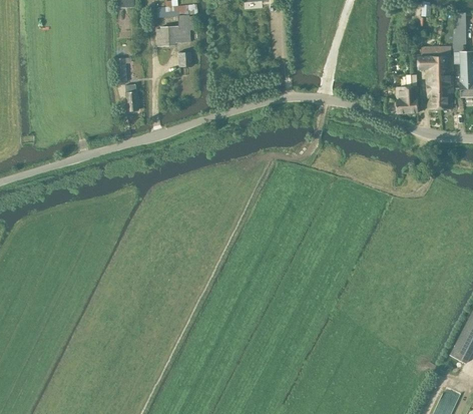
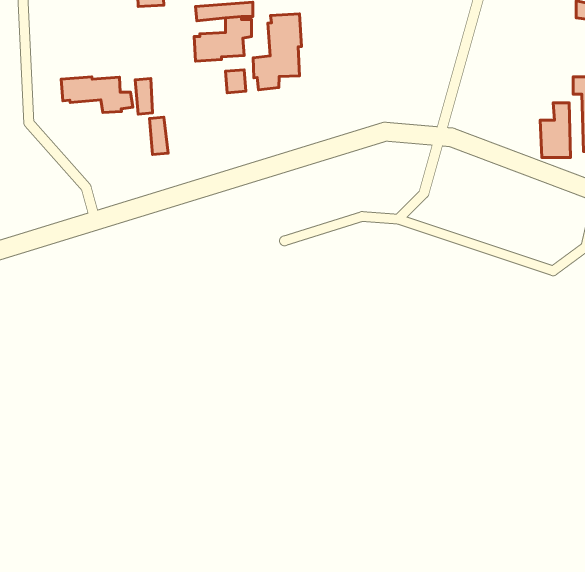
building: none -> [253,14,301,90]
building: none -> [61,77,133,112]

